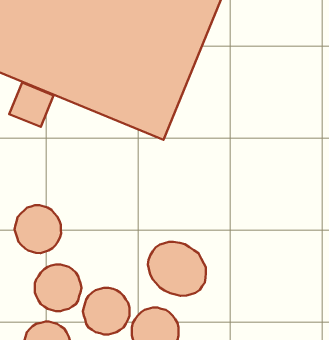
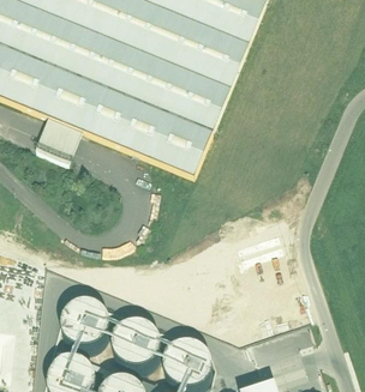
building: [15,205,61,253] -> none
building: [148,242,206,296] -> none

